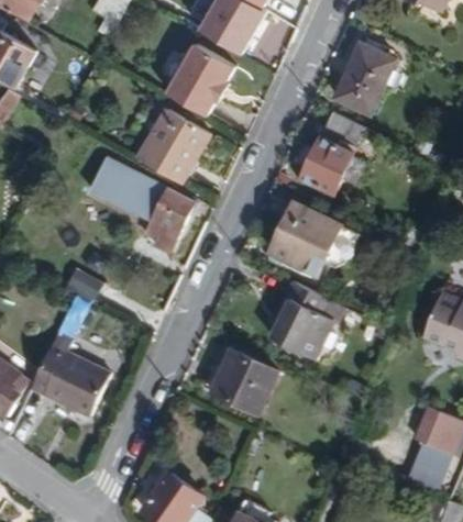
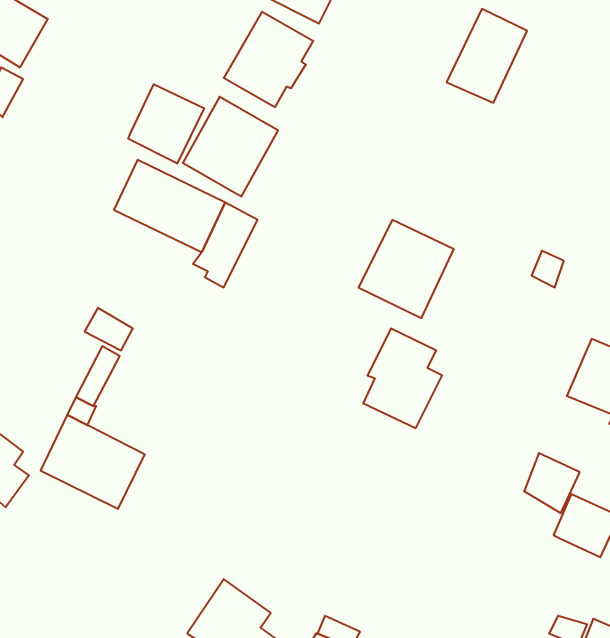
building: none -> [128,84,204,164]
building: [298,110,364,193] -> none
building: [211,348,277,412] -> none
building: [409,440,451,485] -> [524,453,580,513]

